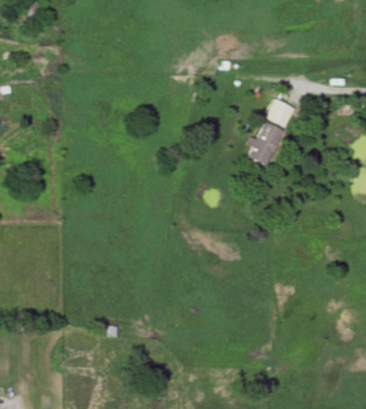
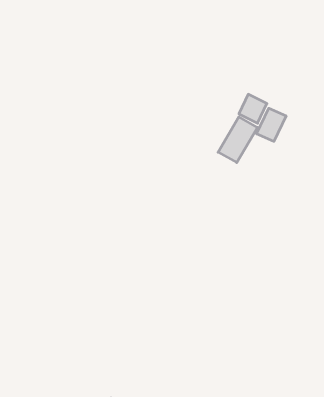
building: none -> [257,108,286,141]

